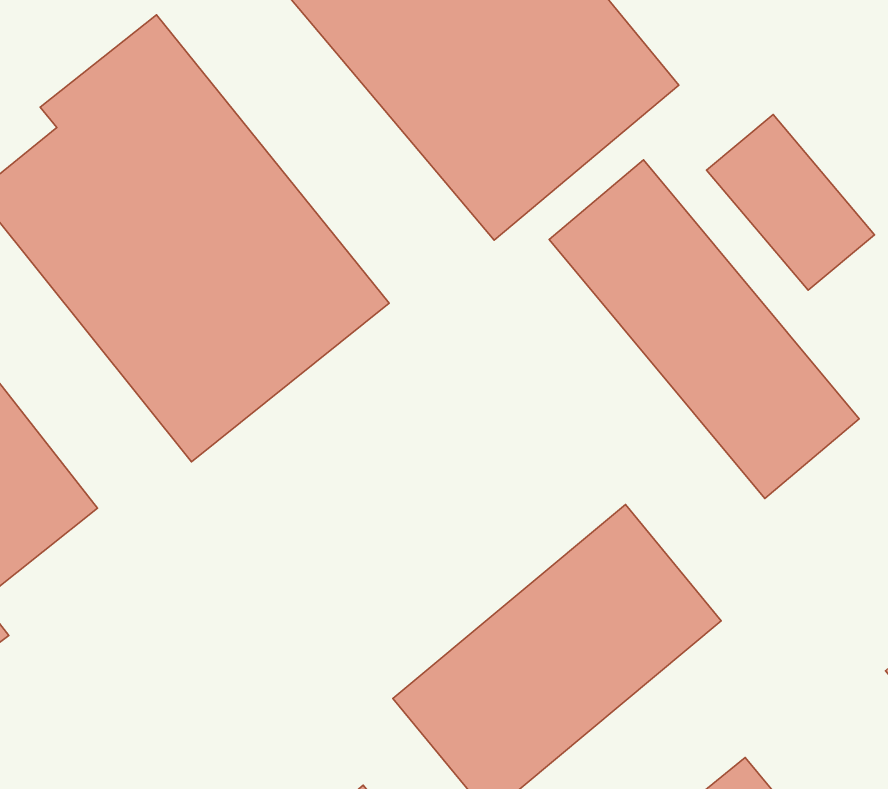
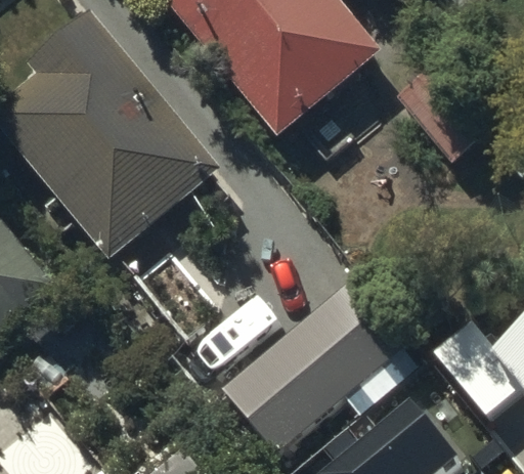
building: [549,160,859,498] -> none

